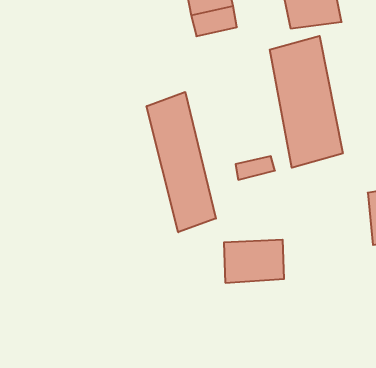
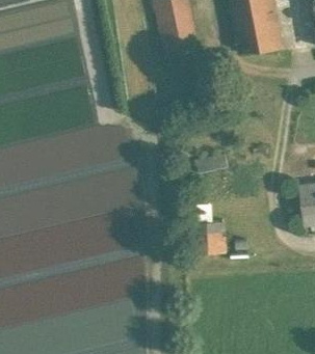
building: [270,36,343,168] -> none
building: [147,92,216,232] -> none

